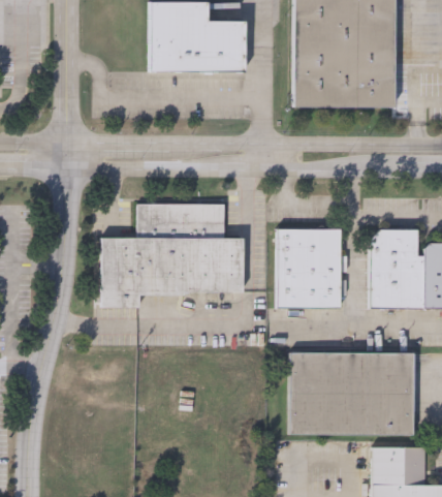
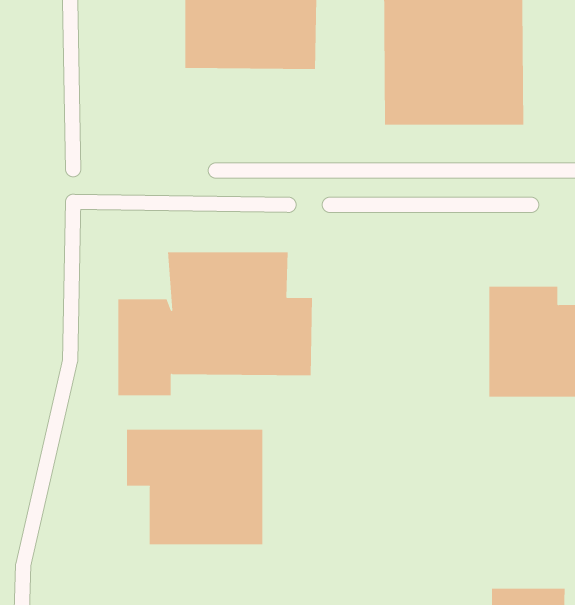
building: [277,227,341,308] -> none
building: none -> [127,429,263,545]
building: [290,351,414,435] -> none

